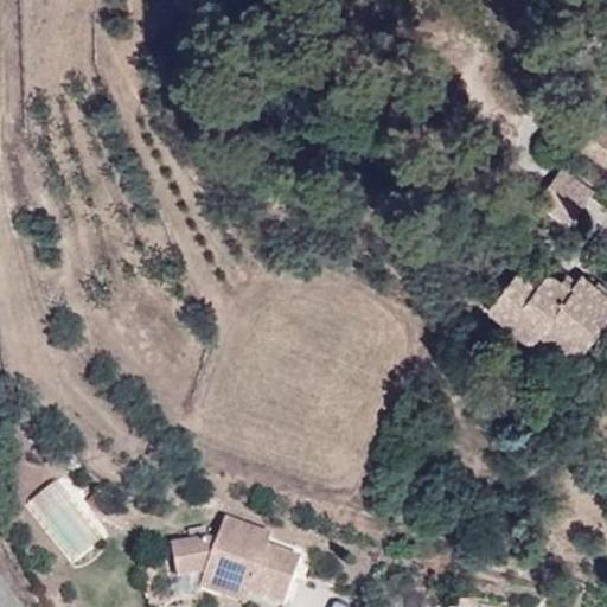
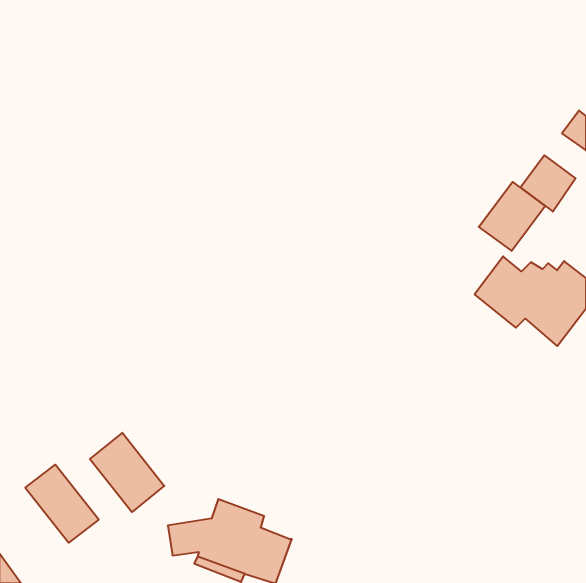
building: none -> [479,182,545,251]
building: none -> [90,433,164,512]

